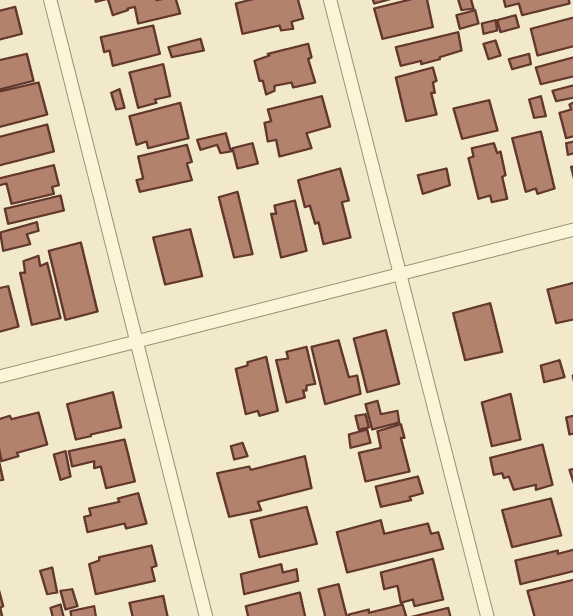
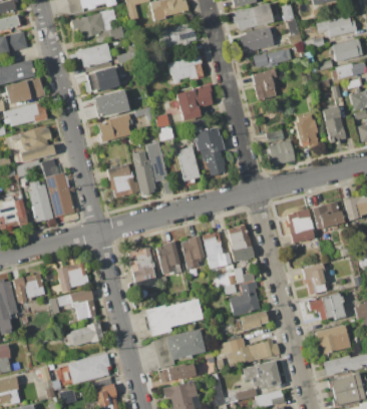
building: [454,100,497,139] -> [269,142,295,165]
building: none -> [131,150,155,193]
building: none -> [311,201,344,230]
building: none -> [128,248,154,282]

